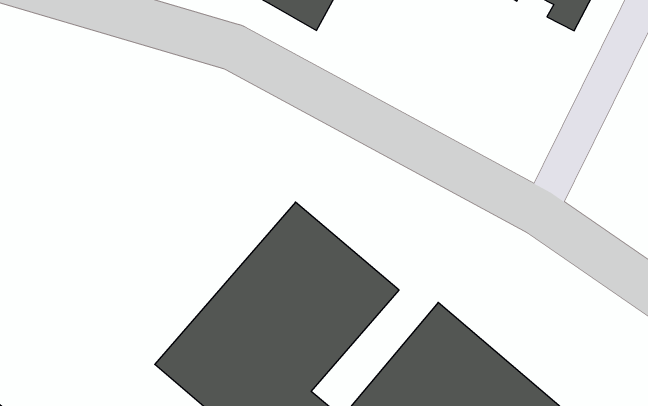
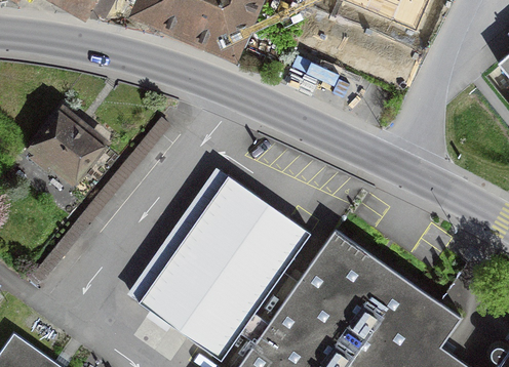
building: none -> [29,113,99,178]

